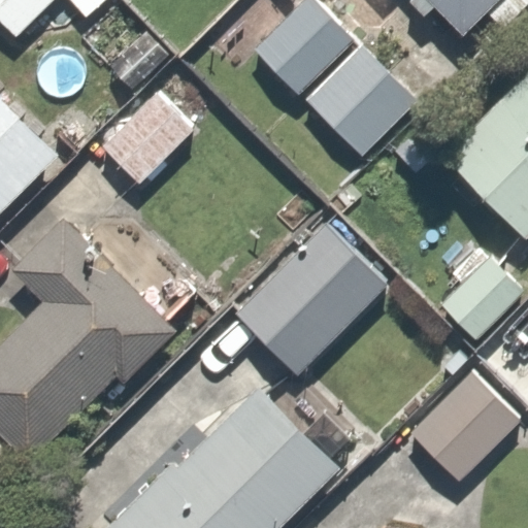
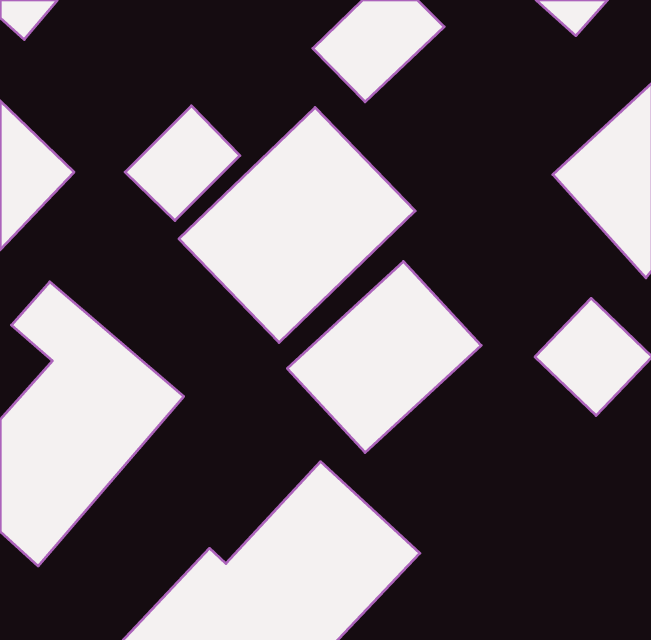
building: [303,40,420,156] -> none
building: none -> [179,107,415,343]
building: [401,374,518,490] -> none

